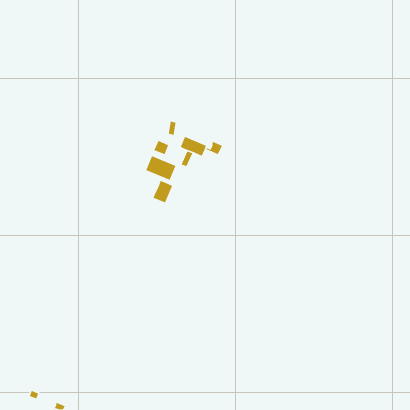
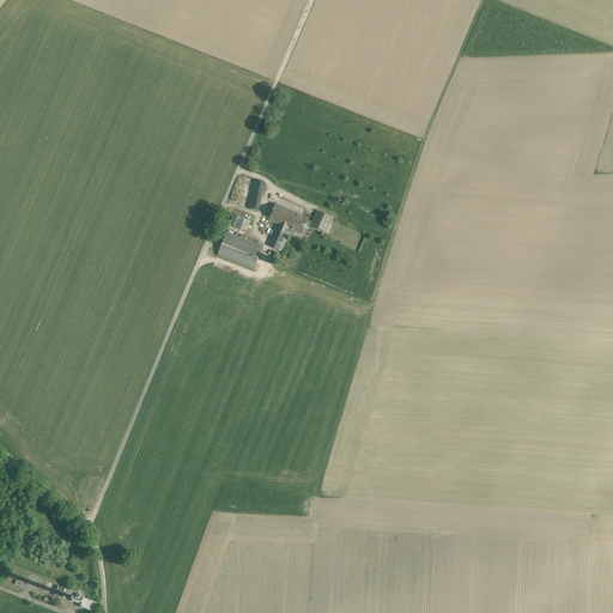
building: [153,180,173,204] -> none

